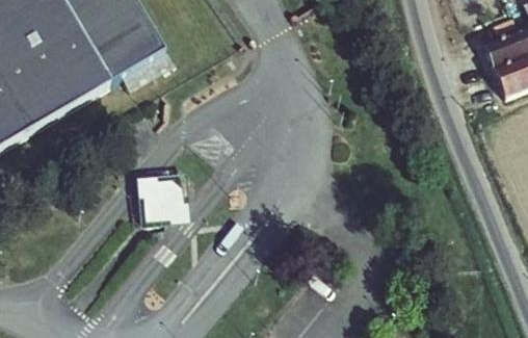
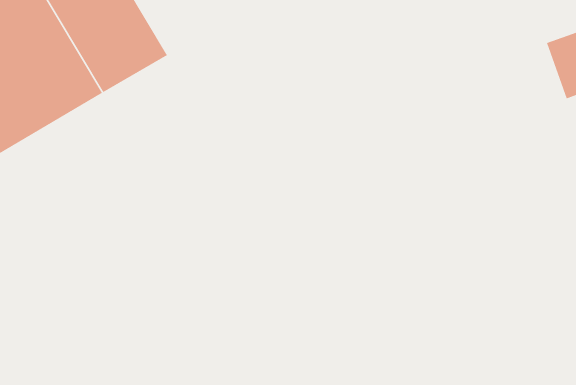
building: [147,180,187,224] -> none

